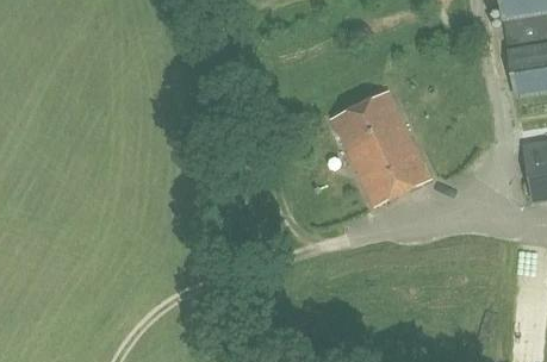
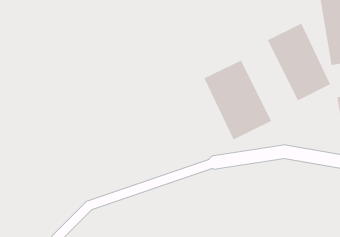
building: none -> [267,23,331,101]

